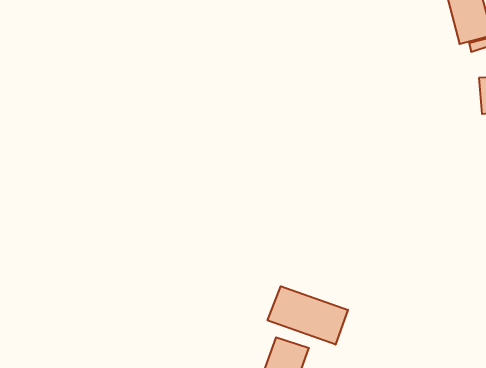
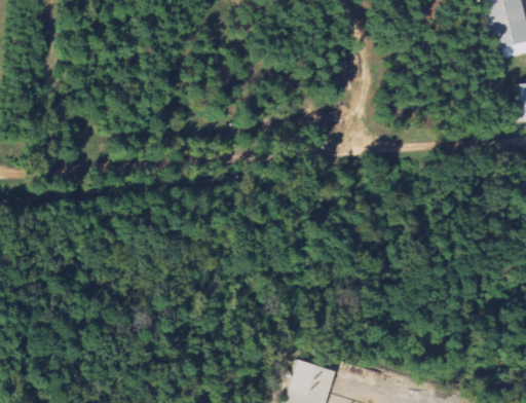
building: [268,286,348,345] -> none

